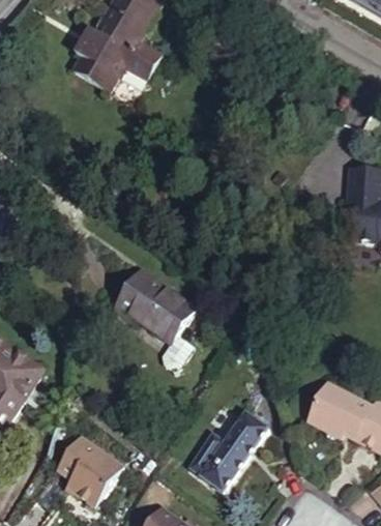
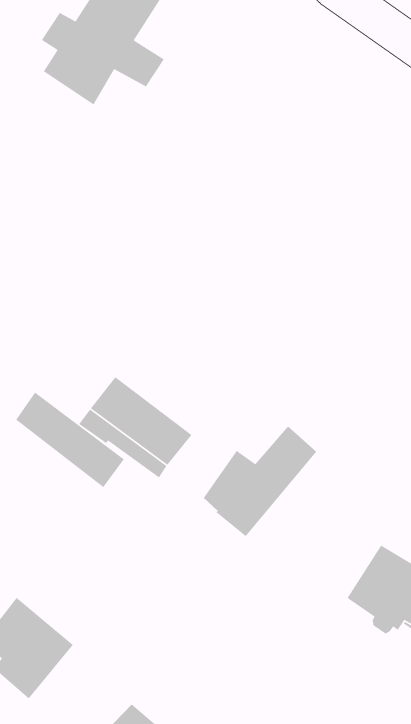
building: none -> [15,391,125,488]
building: [194,408,270,488] -> [203,426,317,537]

